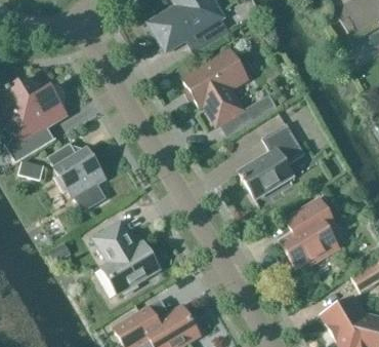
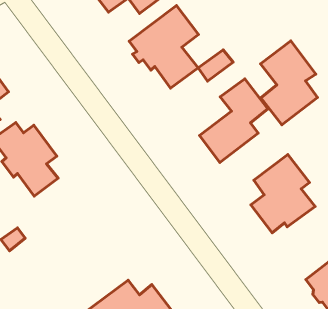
building: none -> [260,41,318,125]
building: [93,220,160,294] -> none

